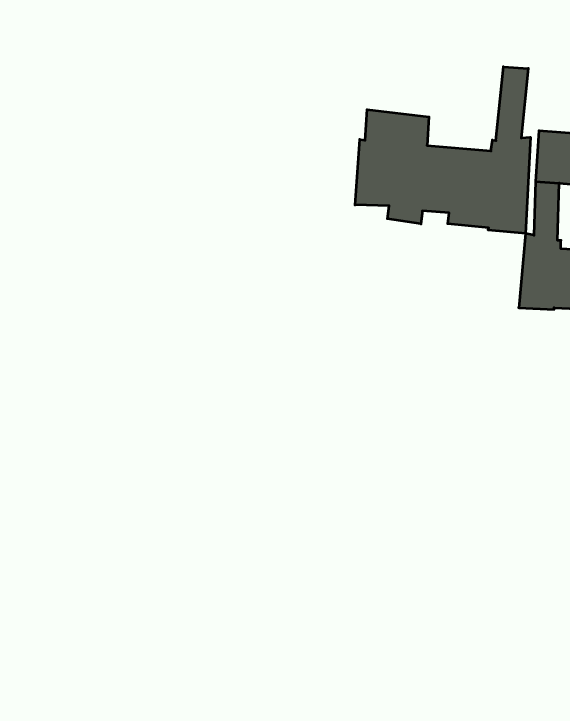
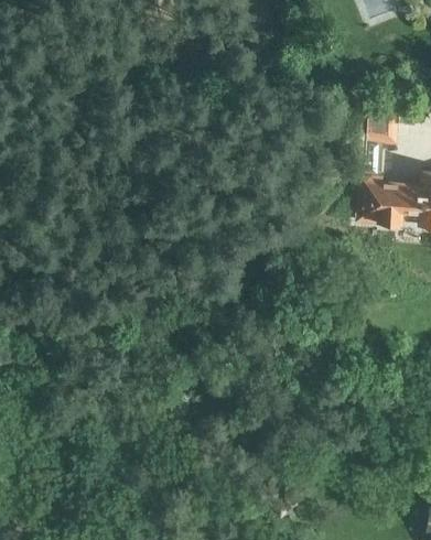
building: [355,67,530,234] -> none

